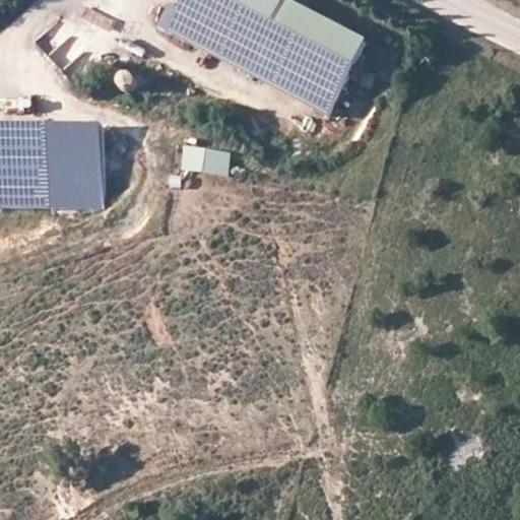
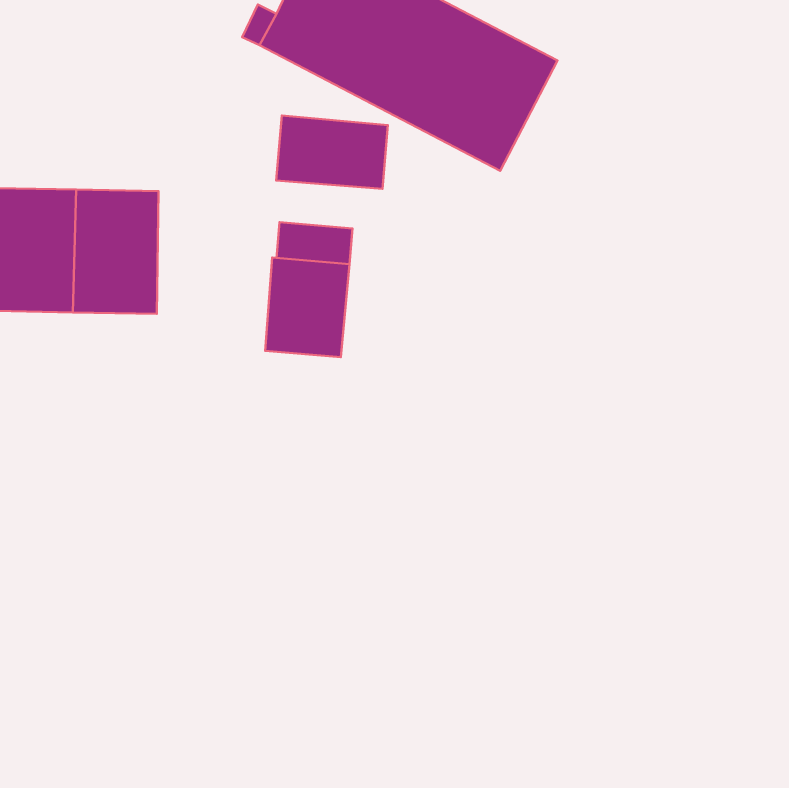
building: none -> [276,115,388,189]
building: none -> [265,258,350,357]

